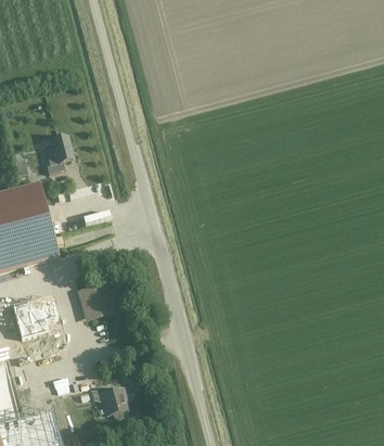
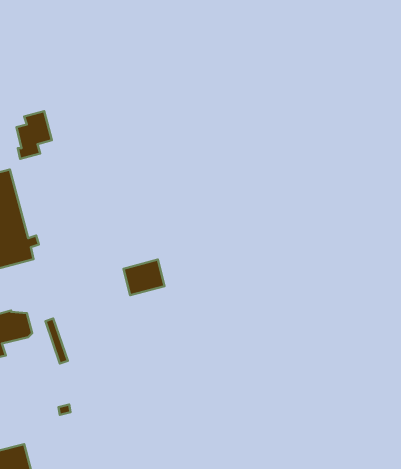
building: [77,283,111,313] -> [124,260,164,295]
building: [100,387,127,418] -> none

